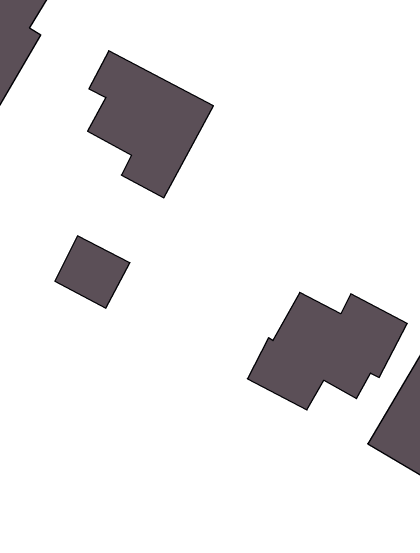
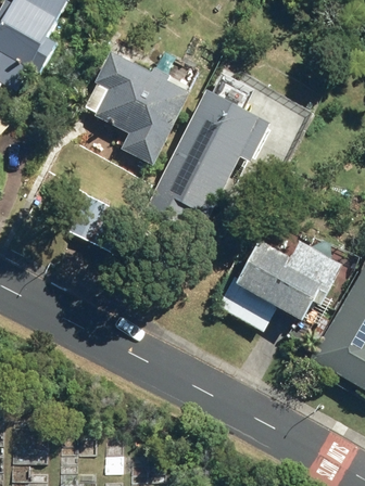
building: none -> [146,91,272,226]

